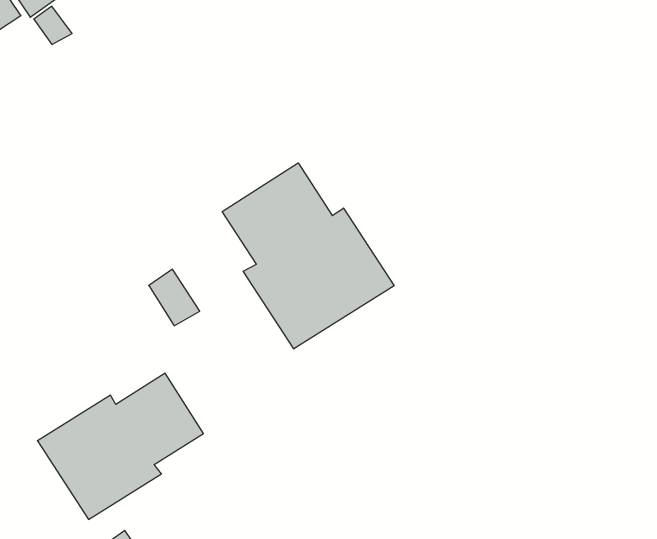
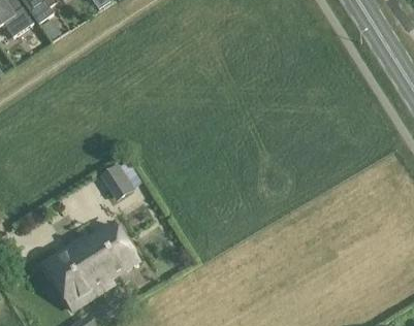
building: [222,163,394,349] -> none

